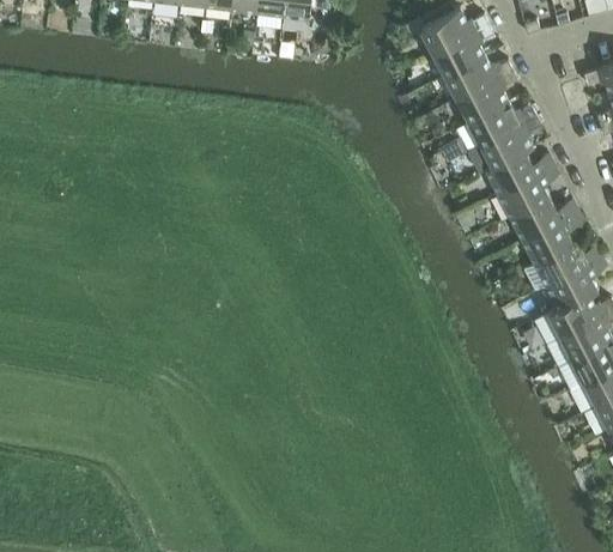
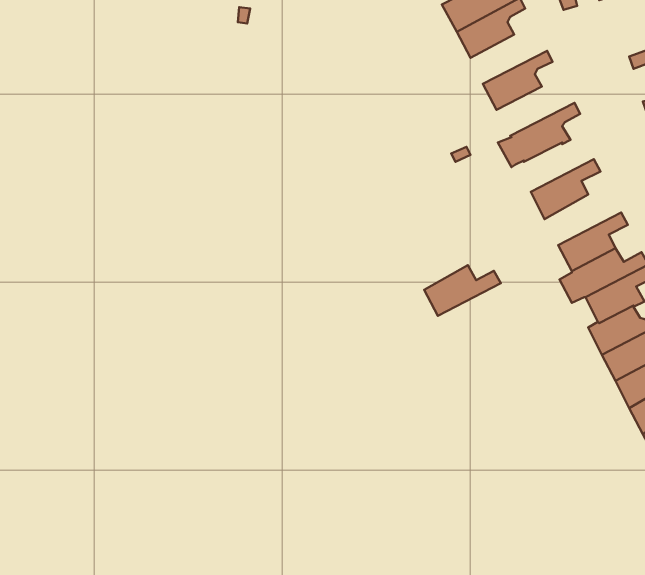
building: [444,54,511,97] -> none
building: [467,99,535,142] -> none
building: [484,148,552,192] -> none
building: [509,194,576,238] -> [424,265,501,316]

